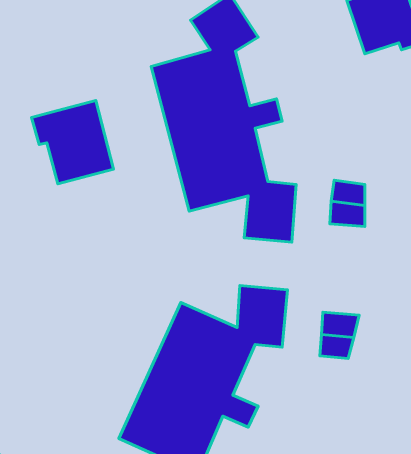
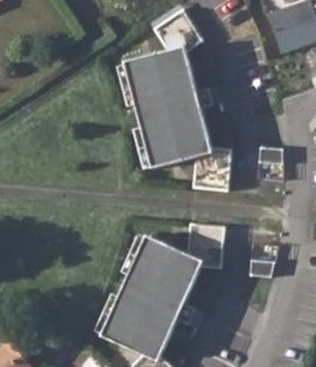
building: [31,101,114,184] -> none

